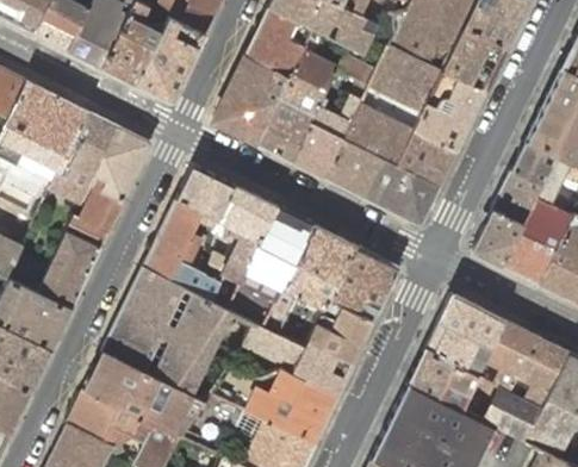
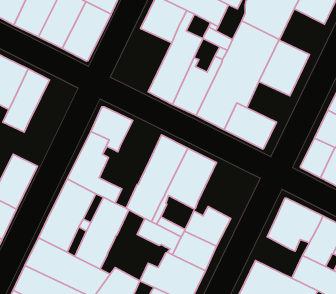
building: [441,27,505,92] -> none
building: [213,55,290,144] -> none
building: [66,127,149,249] -> none
building: [396,130,456,187] -> none
building: [204,185,275,309] -> none
building: [323,244,399,323] -> none
building: [408,349,474,407] -> none

